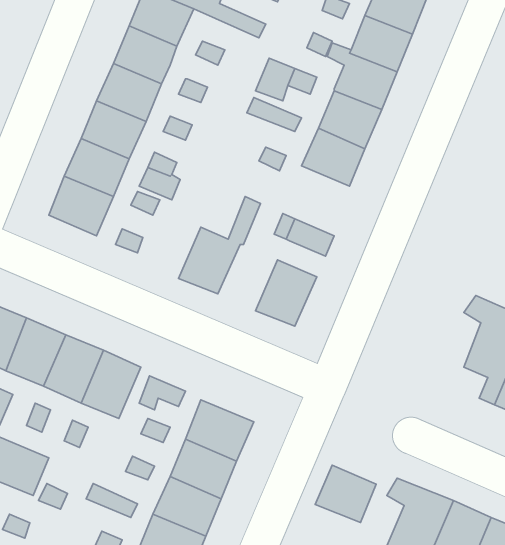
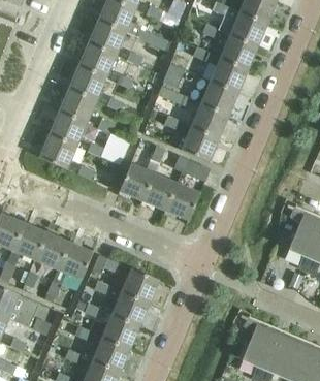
building: none -> [182,127,220,162]
building: none -> [140,174,177,215]
building: [315,465,376,523] -> none

